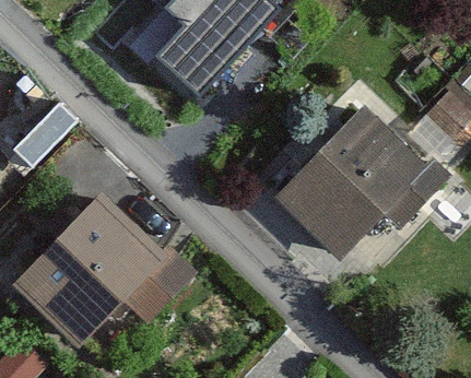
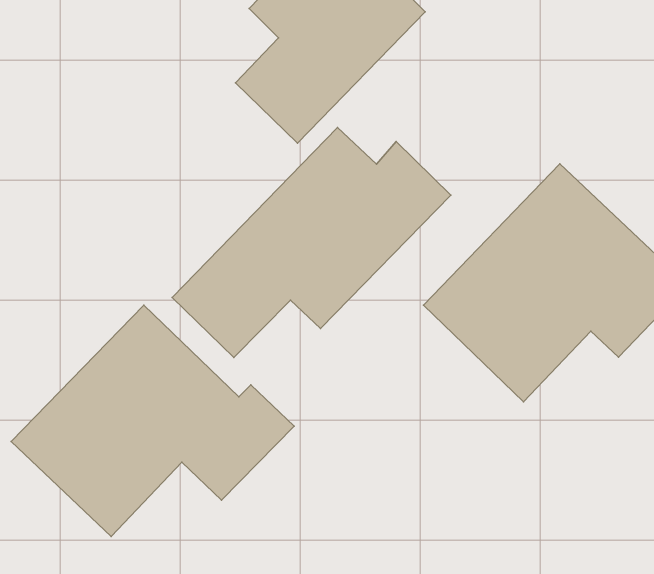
building: none -> [172,128,451,358]

